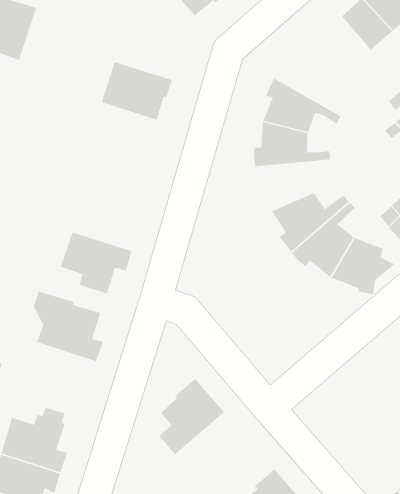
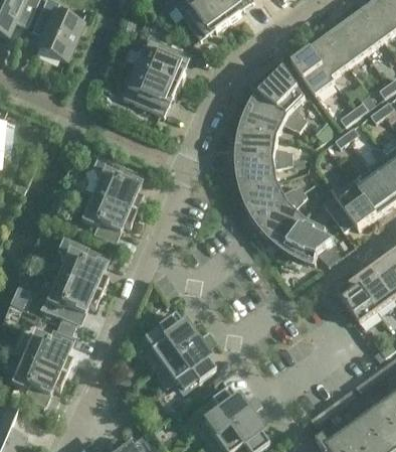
building: none -> [290,48,334,94]
building: none -> [135,34,189,84]
building: none -> [254,66,307,124]
building: none -> [233,156,291,190]
building: none -> [90,153,142,210]
building: none -> [42,273,100,328]
building: none -> [152,330,214,388]

